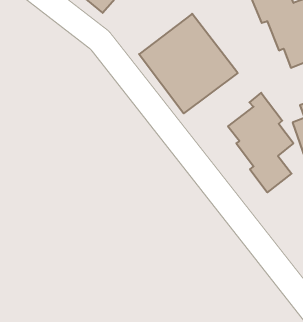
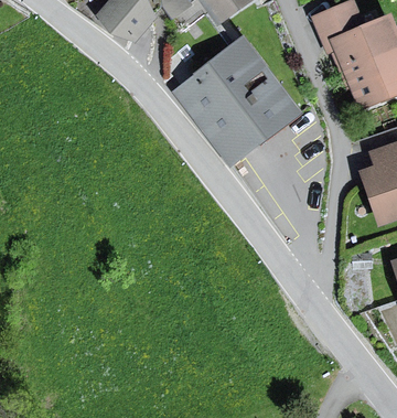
building: [228,93,293,192] -> none

